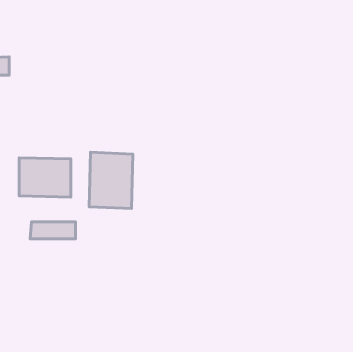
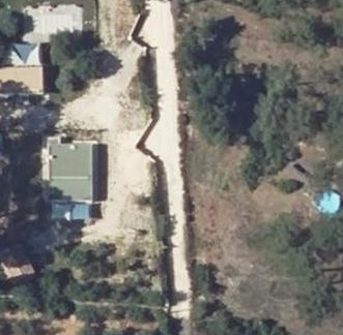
building: [89,152,133,209] -> none

